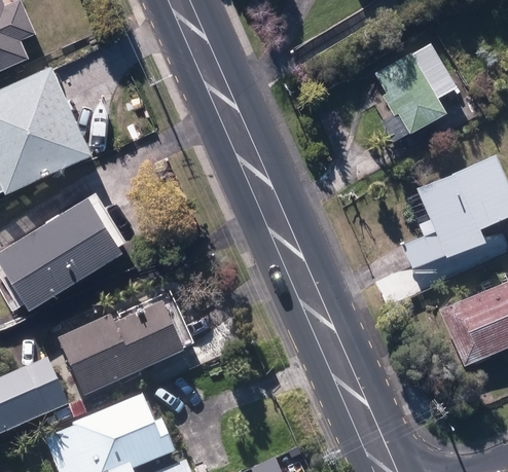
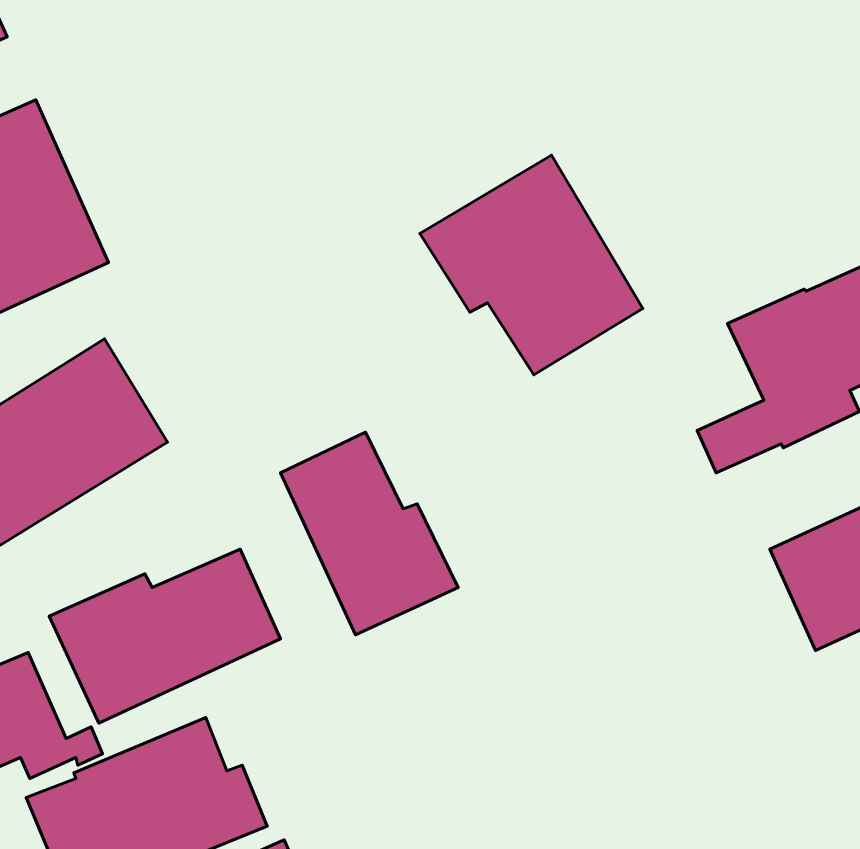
building: [378,40,461,130] -> none
building: none -> [420,155,643,375]
building: none -> [280,432,458,635]

